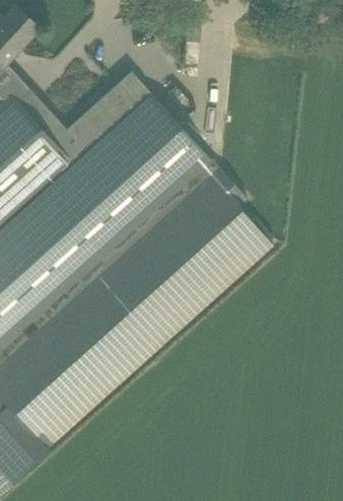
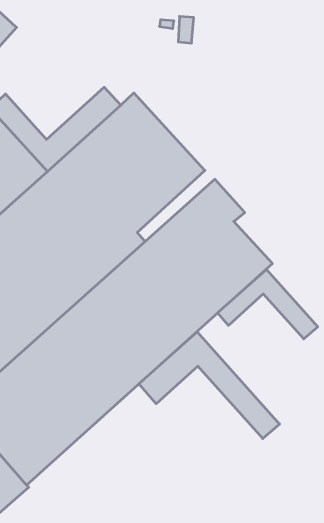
building: none -> [218,269,318,339]
building: none -> [139,332,280,439]

